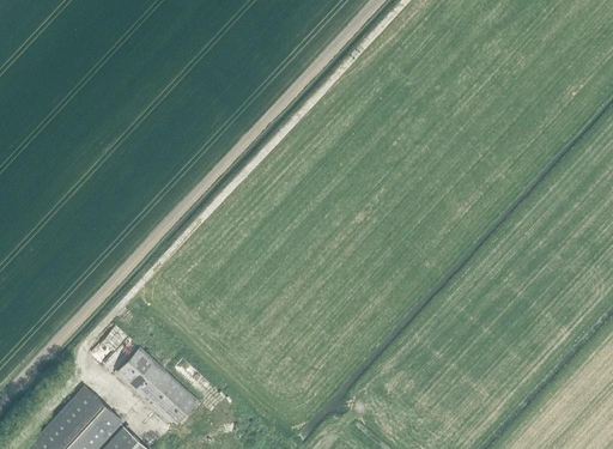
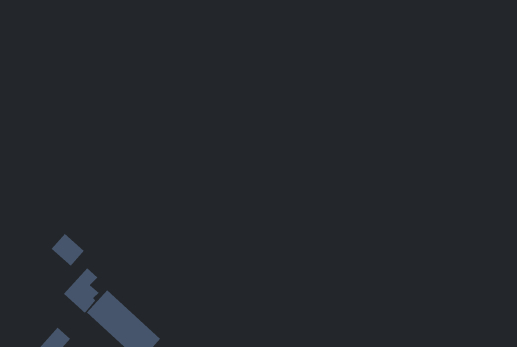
building: none -> [51,233,85,267]

